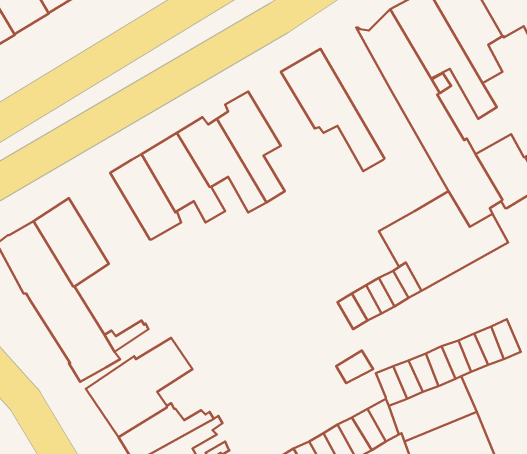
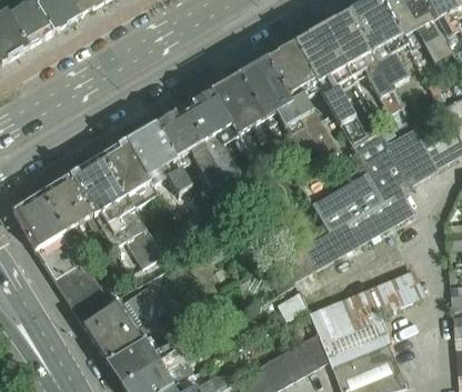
building: none -> [265,41,337,159]
building: none -> [209,76,269,148]
building: none -> [69,154,161,265]

